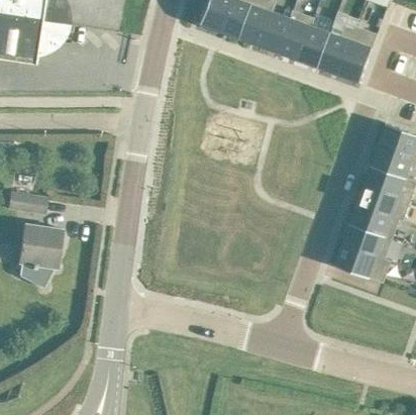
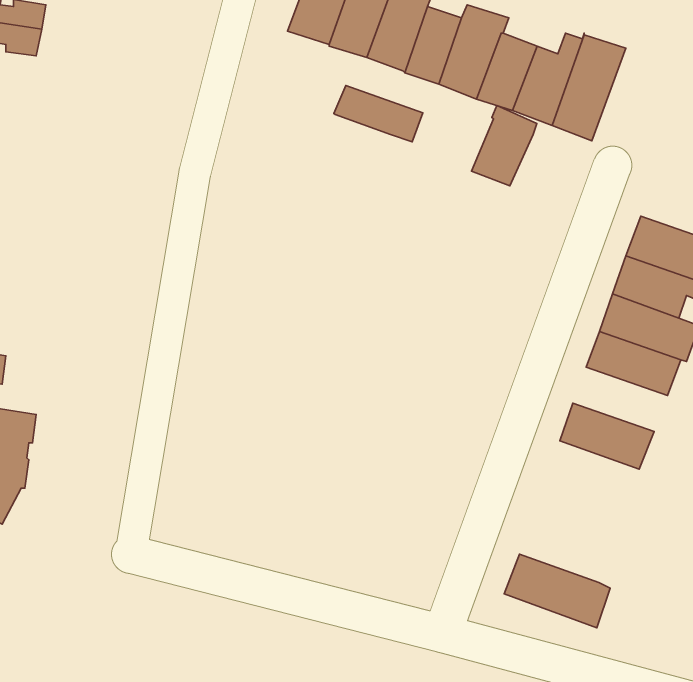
building: none -> [334,85,423,142]
building: none -> [471,106,537,186]
building: [348,203,399,237] -> none
building: [333,242,390,282] -> [504,554,610,628]

